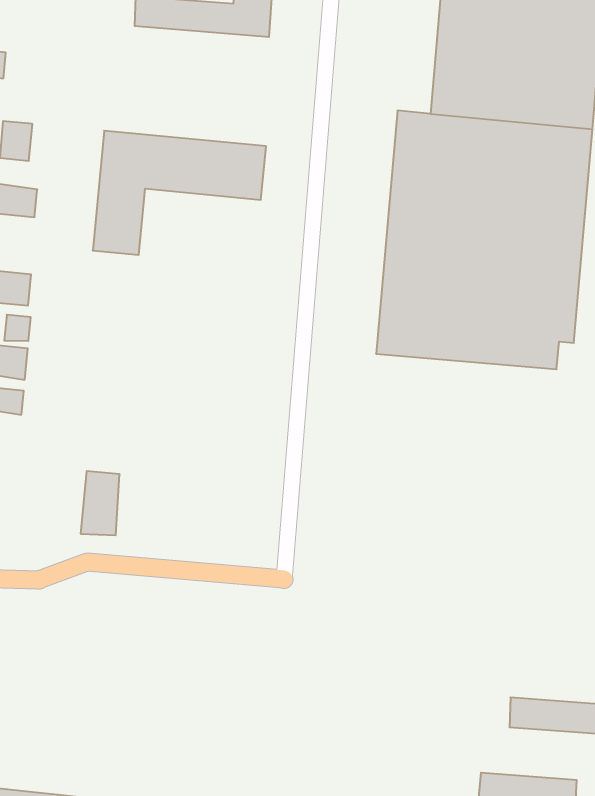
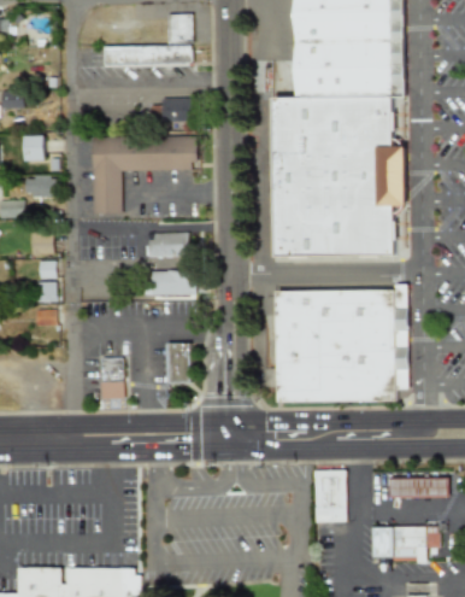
building: none -> [148,96,190,122]
building: none -> [145,233,186,257]
building: none -> [148,269,193,295]
building: none -> [281,291,399,403]
building: none -> [164,343,189,384]
building: none -> [312,469,345,522]

